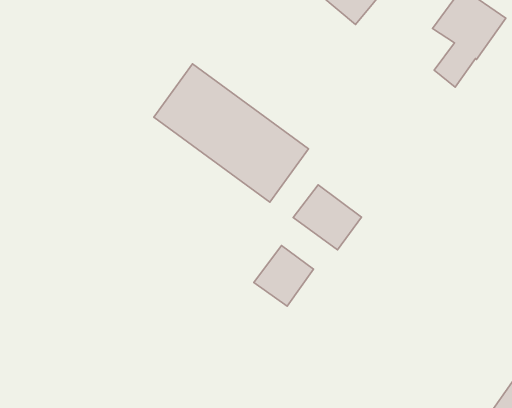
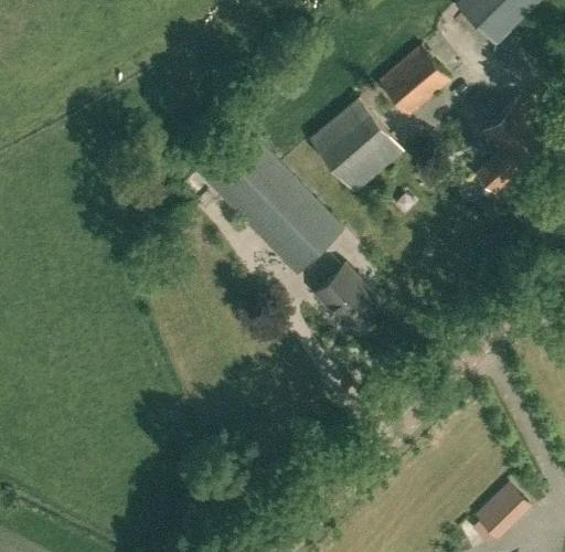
building: none -> [311,98,403,193]
building: [254,245,314,306] -> none

